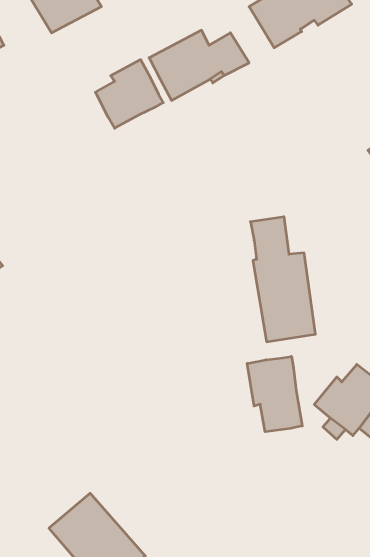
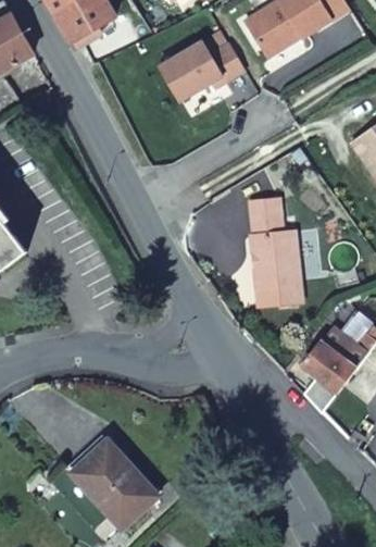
building: [95,60,163,128] -> none
building: [247,356,302,432] -> none

